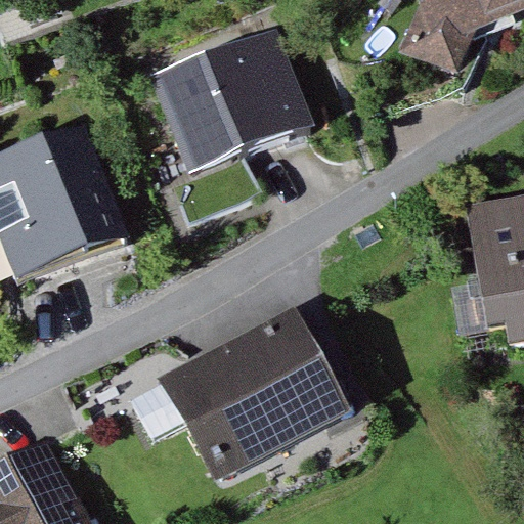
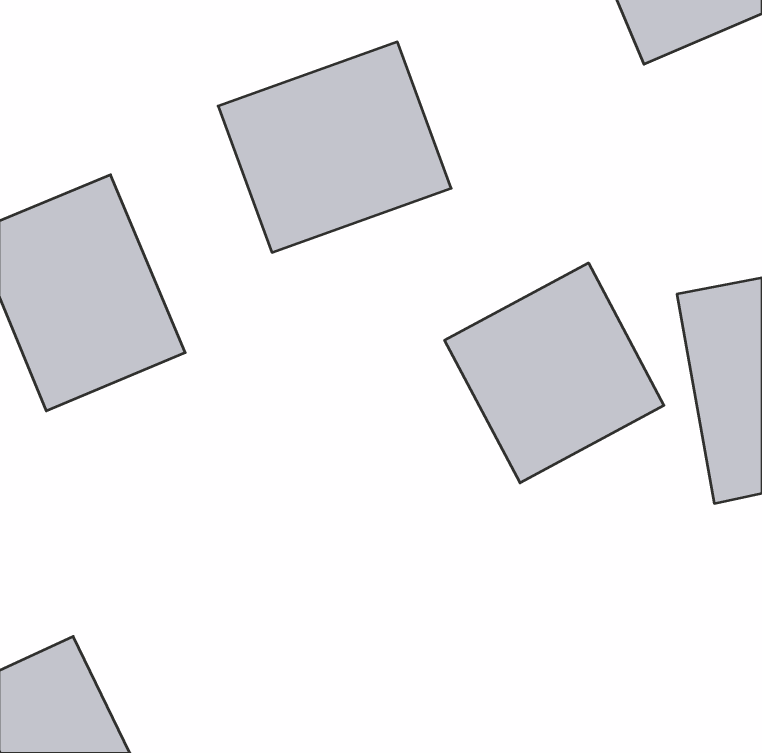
building: none -> [445,263,664,483]
building: [162,306,353,487] -> none

